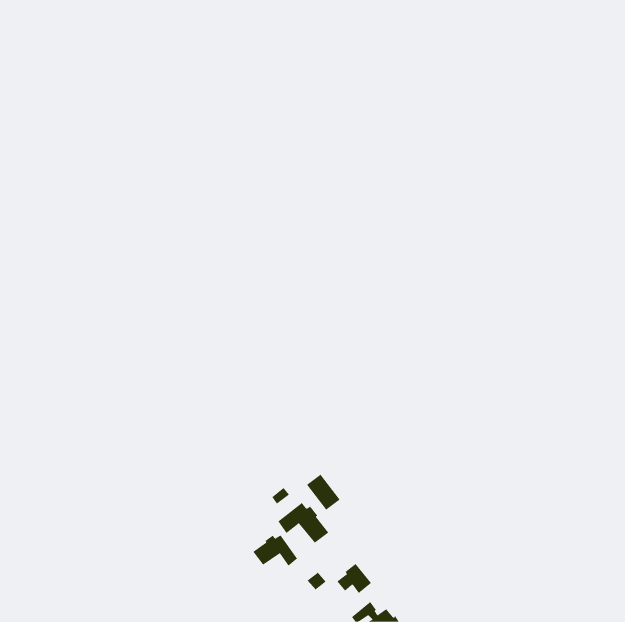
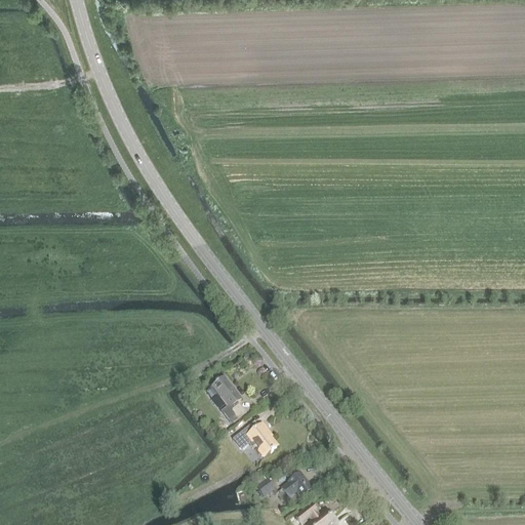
building: [306,474,341,511] -> [211,376,240,407]
building: [253,534,298,566] -> none

